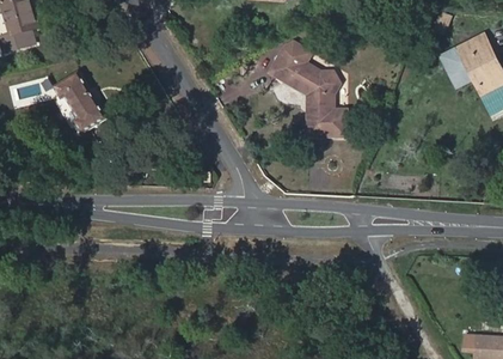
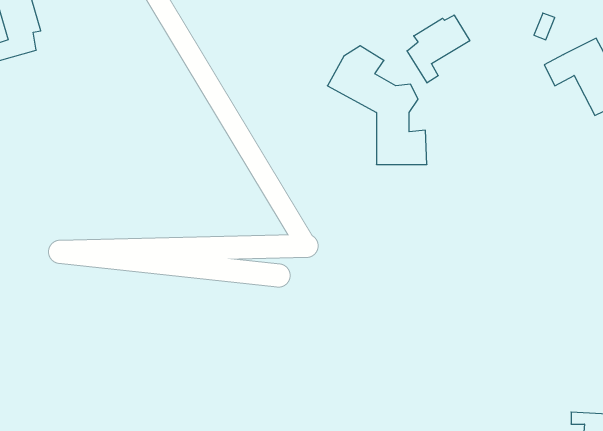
building: none -> [407,15,470,83]
building: [54,72,105,133] -> none

